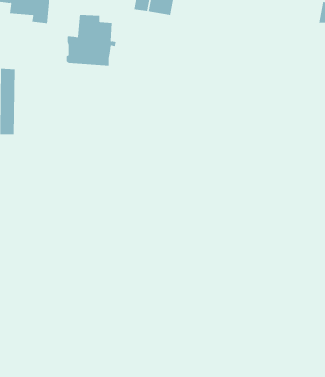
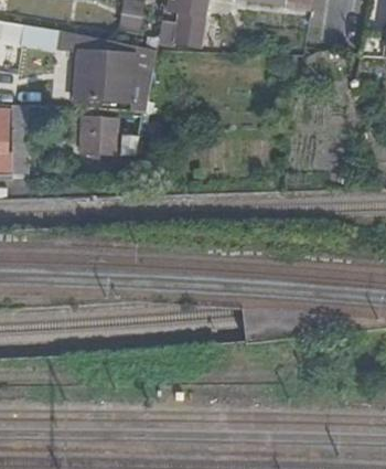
building: none -> [81,114,141,154]

